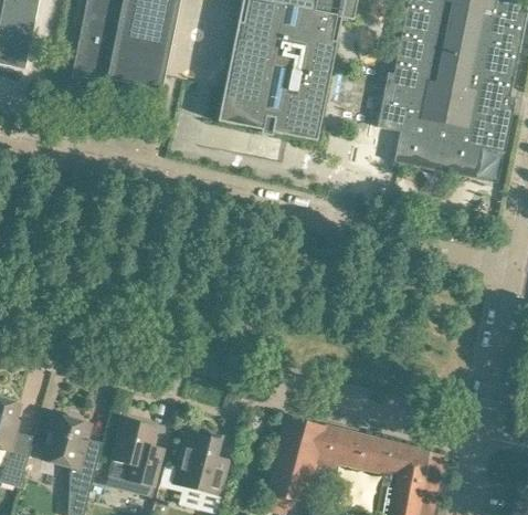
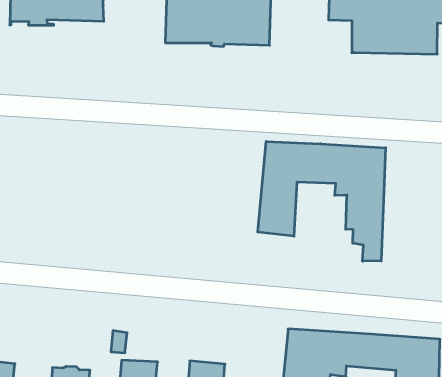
building: none -> [258,141,386,261]

